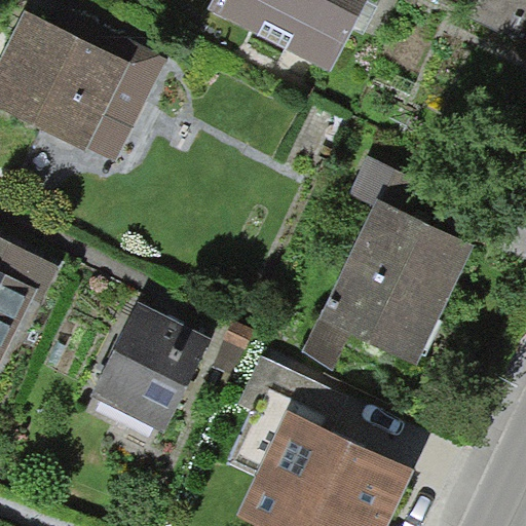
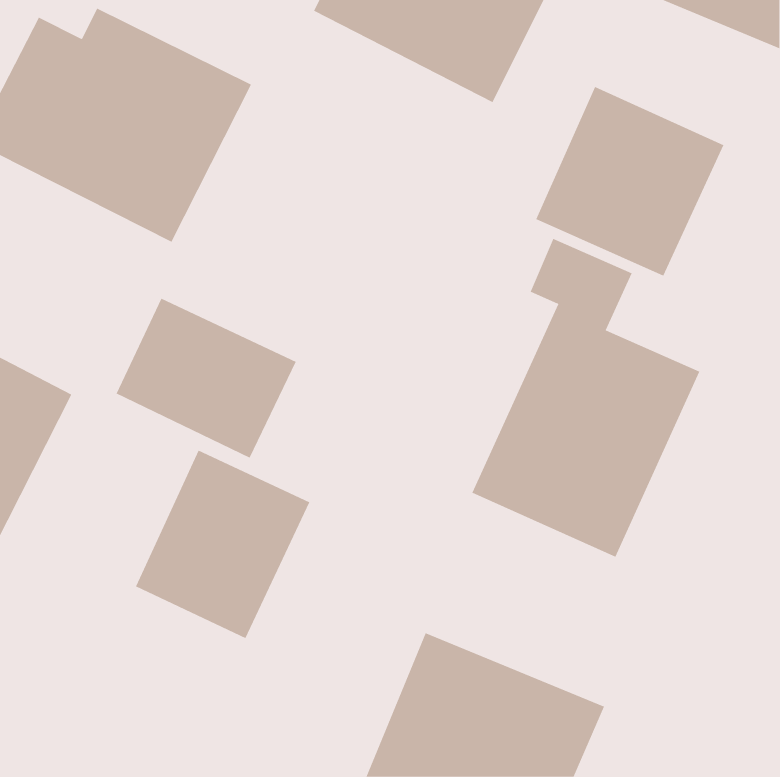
building: none -> [535,86,724,277]
building: none -> [116,298,296,459]

